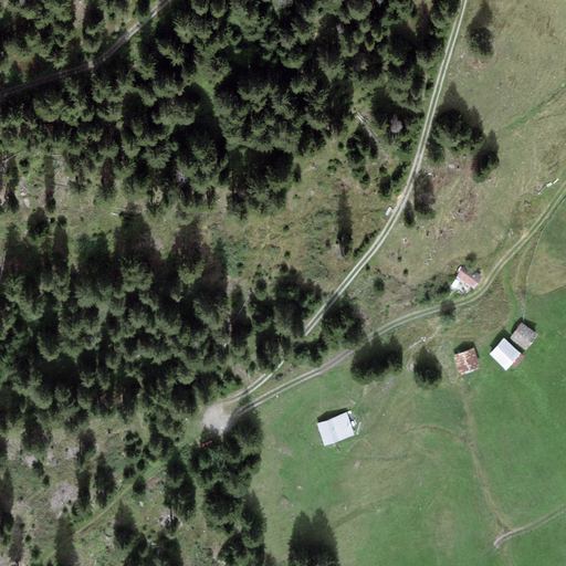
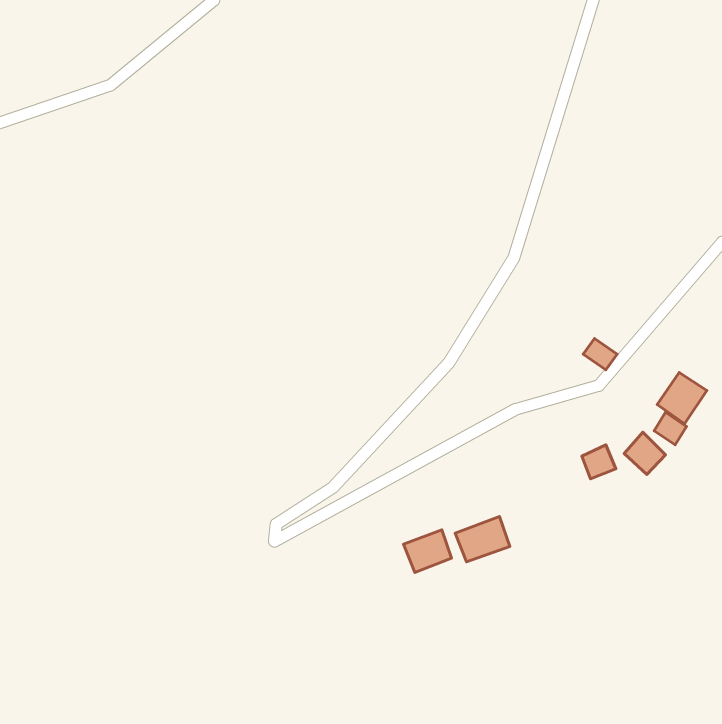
building: none -> [657,373,707,424]
building: none -> [455,517,510,562]

